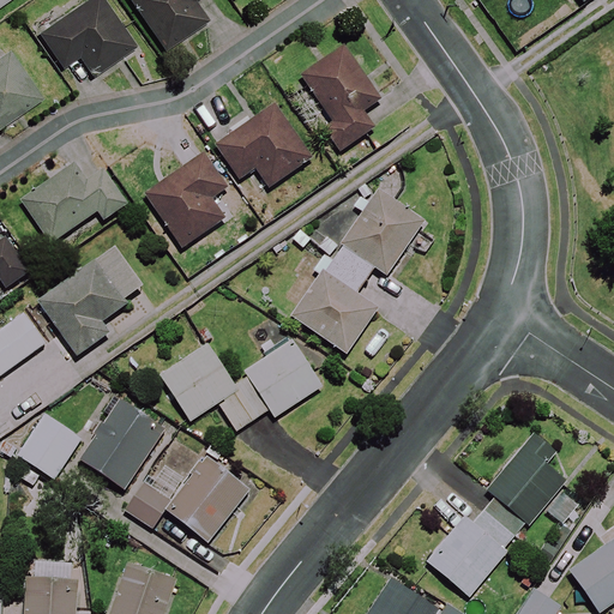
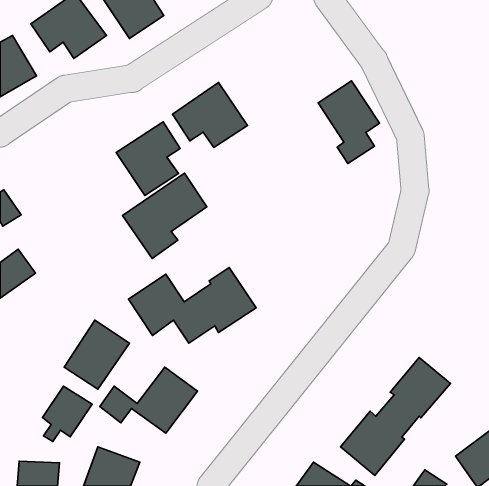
building: [302,46,379,149] -> [318,81,379,163]
building: [22,133,127,242] -> none
building: [291,188,425,353] -> none
building: [40,247,145,354] -> [122,173,207,258]
building: [19,414,82,483] -> [42,386,92,442]

